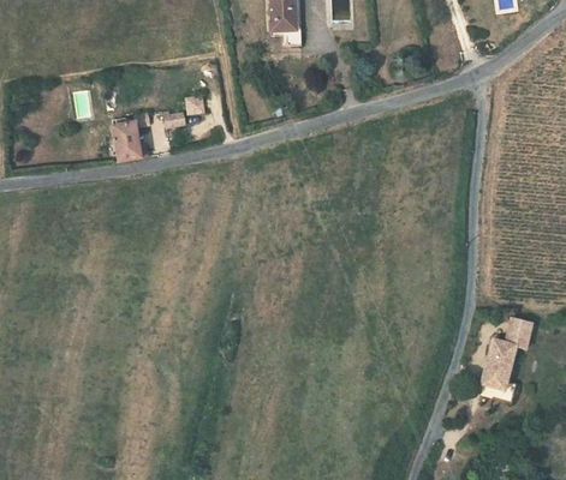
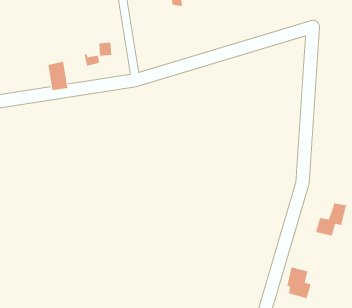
building: [481,356,516,401] -> [287,267,311,299]

